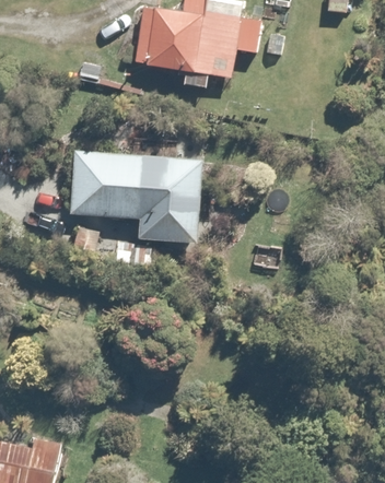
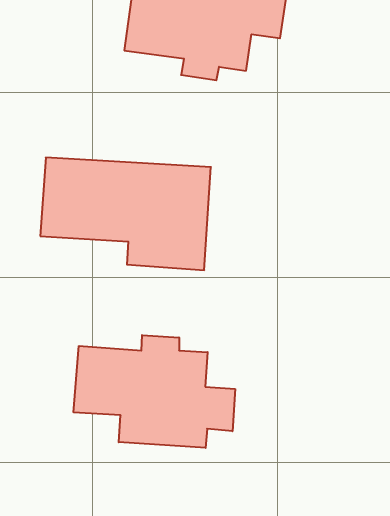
building: none -> [74,335,235,448]

